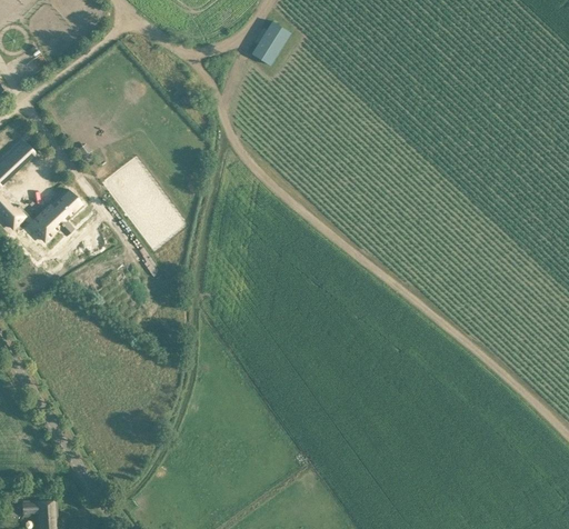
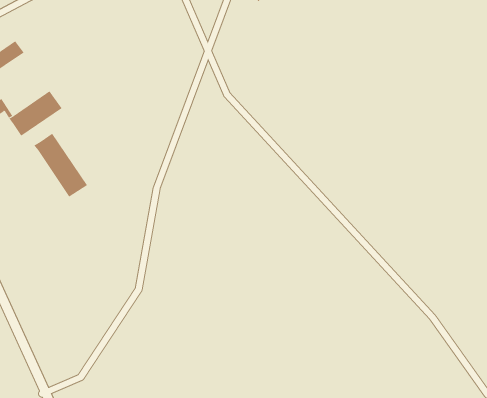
building: none -> [34,133,88,198]

